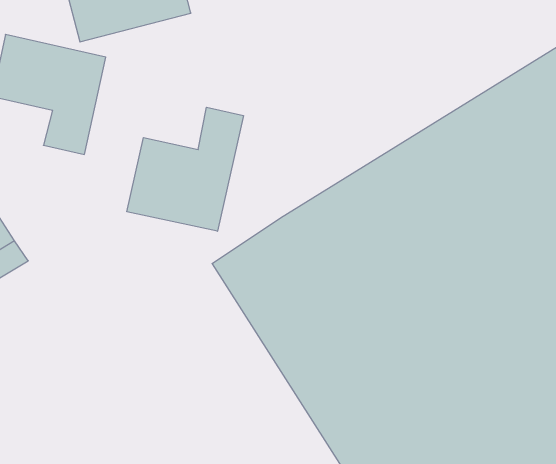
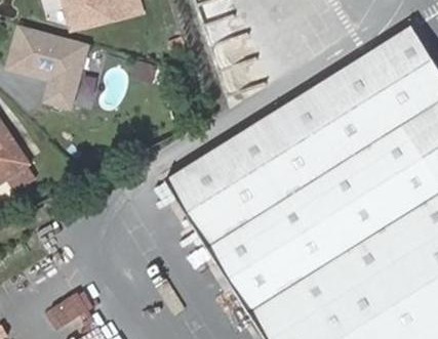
building: [127,107,243,231] -> none

